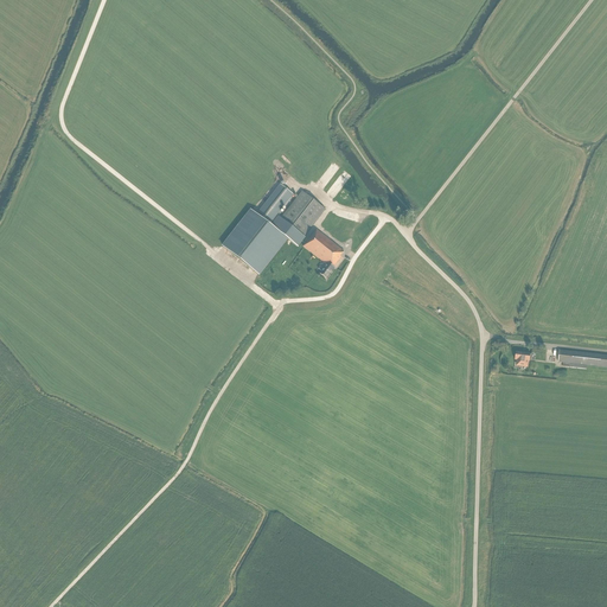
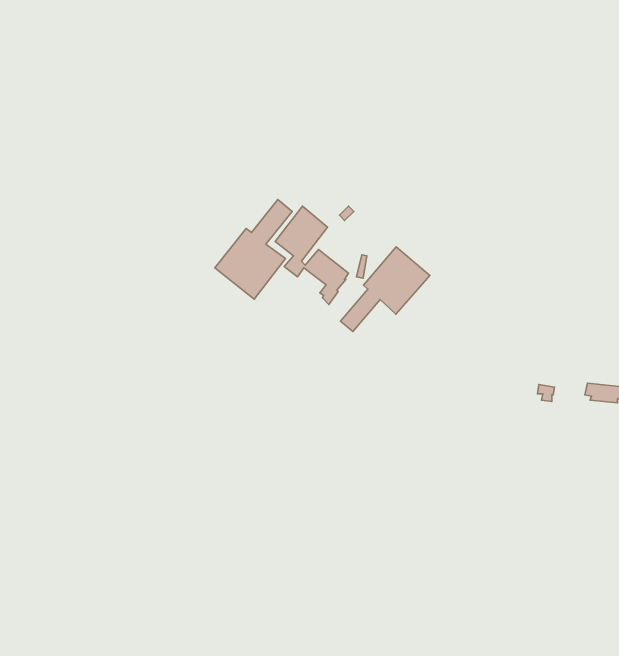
building: none -> [340,247,430,332]

